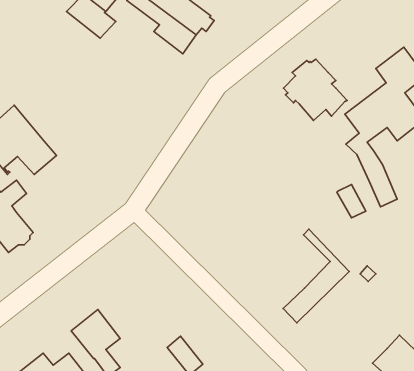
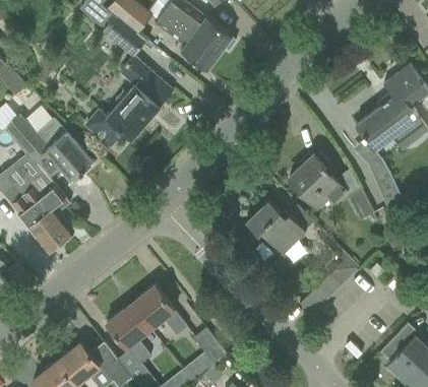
building: none -> [84,58,173,148]
building: [283,59,347,121] -> [289,152,347,208]
building: none -> [245,199,313,253]
building: none -> [130,284,187,336]

